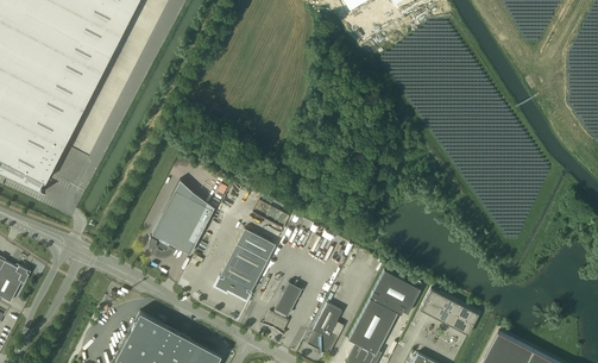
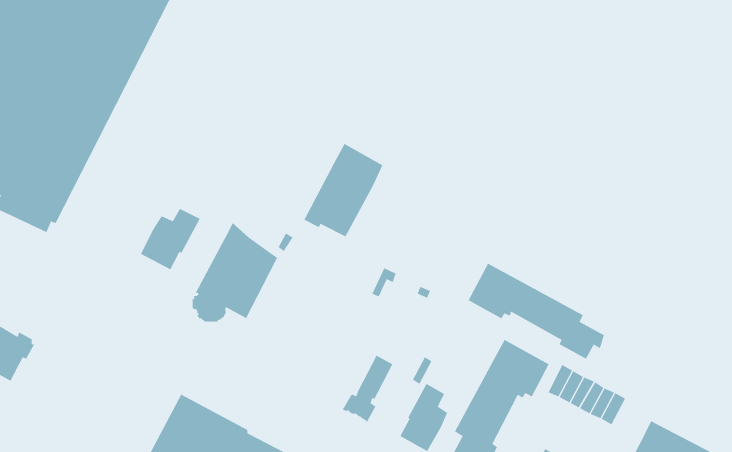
building: none -> [140,208,200,270]
building: none -> [468,263,604,360]
building: [214,229,275,300] -> [304,143,383,237]

